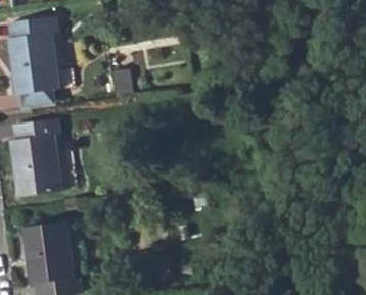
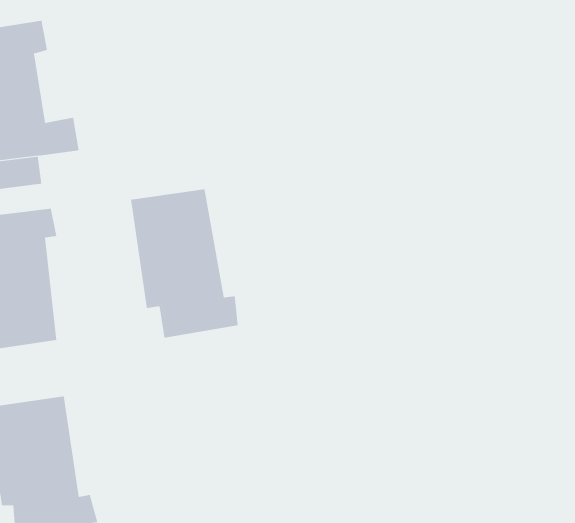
building: none -> [130,188,238,339]

